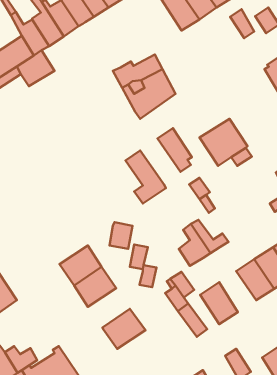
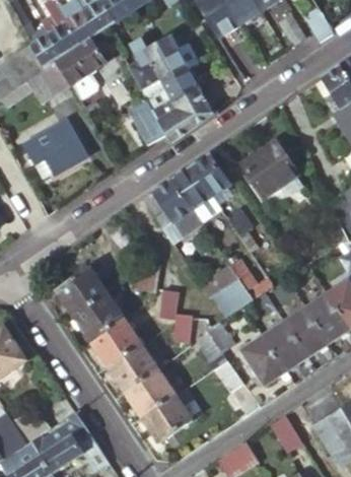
building: none -> [54,29,107,85]
building: none -> [126,32,198,85]
building: none -> [127,98,164,144]
building: none -> [23,119,86,179]
building: none -> [170,165,221,224]
building: none -> [58,267,109,315]
building: none -> [264,323,307,371]
building: none -> [109,343,158,390]
building: none -> [143,393,194,441]

